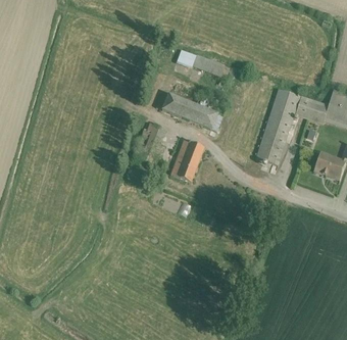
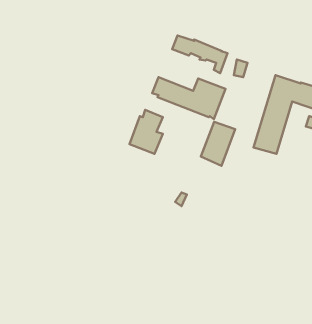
building: [170,139,204,182] -> [201,122,235,166]

